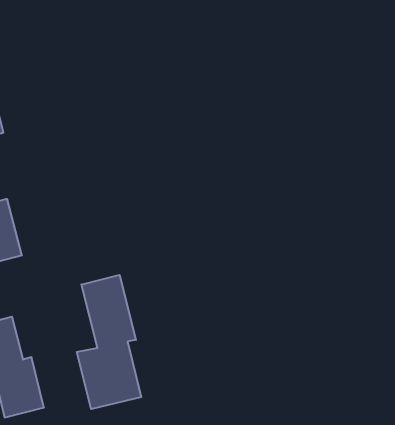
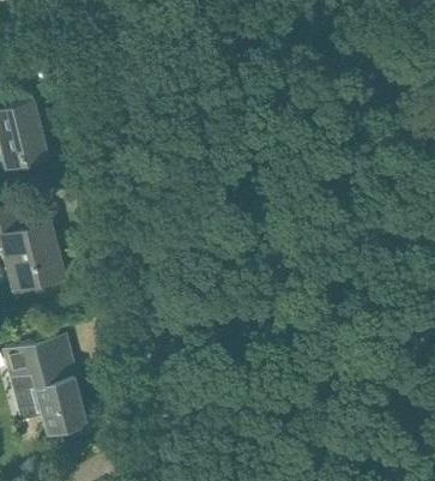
building: [77,275,141,409] -> none

